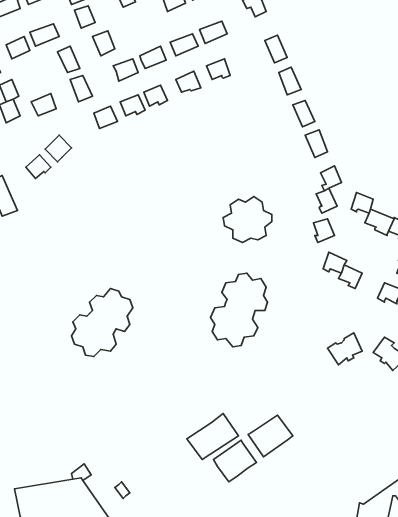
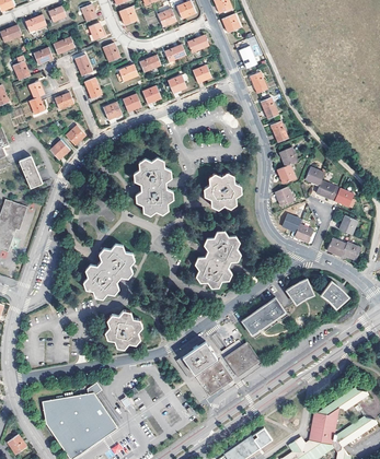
building: none -> [134,157,174,215]
building: none -> [242,298,285,336]
building: none -> [106,311,145,349]

